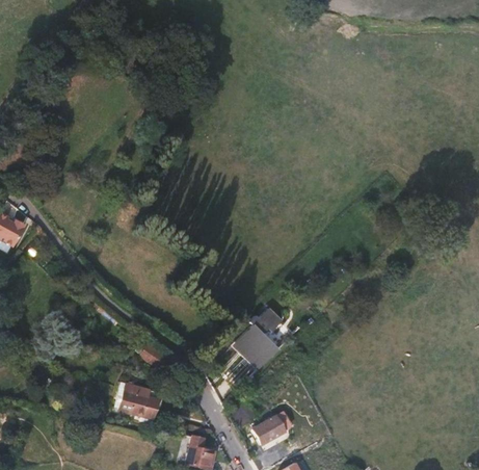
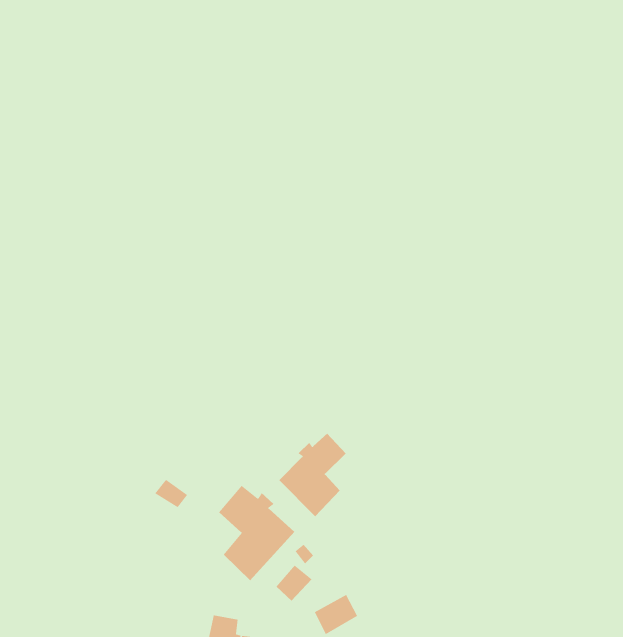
building: none -> [218,485,295,581]
building: [131,385,160,422] -> none

